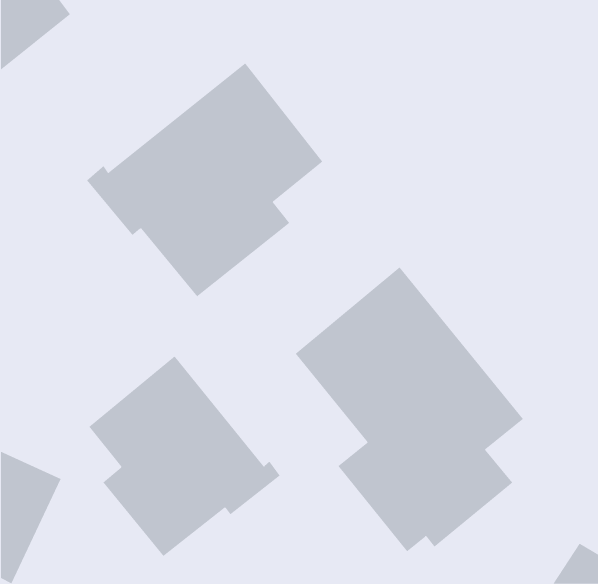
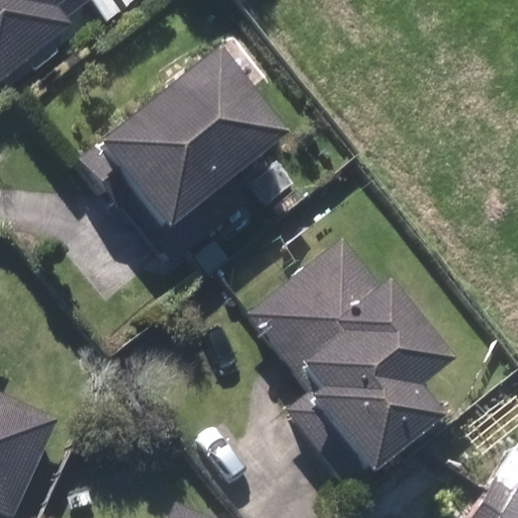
building: [89,355,281,557] -> none

